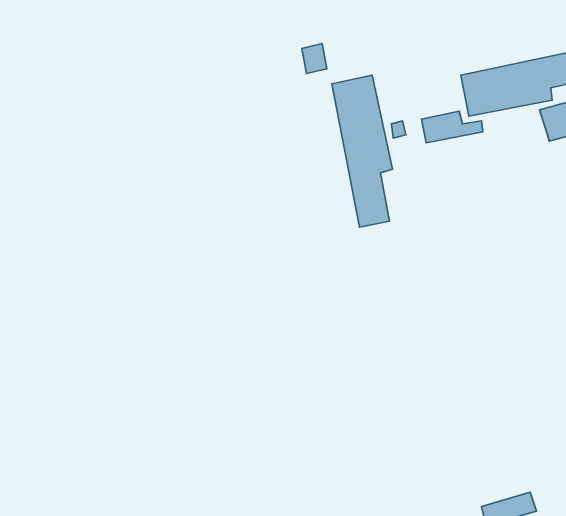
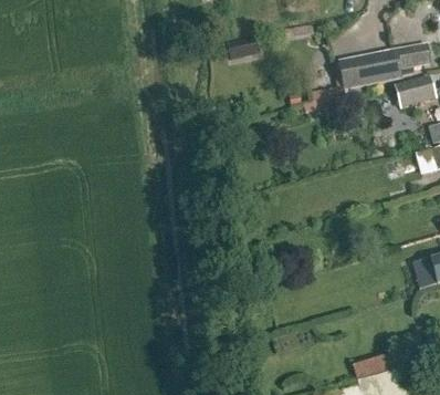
building: [332,75,392,227] -> none

